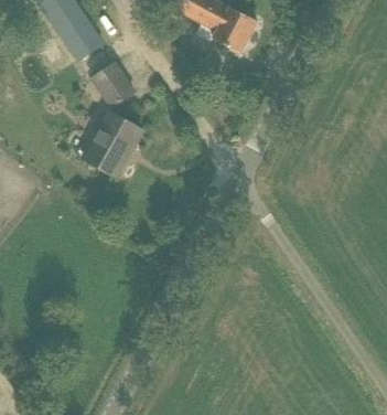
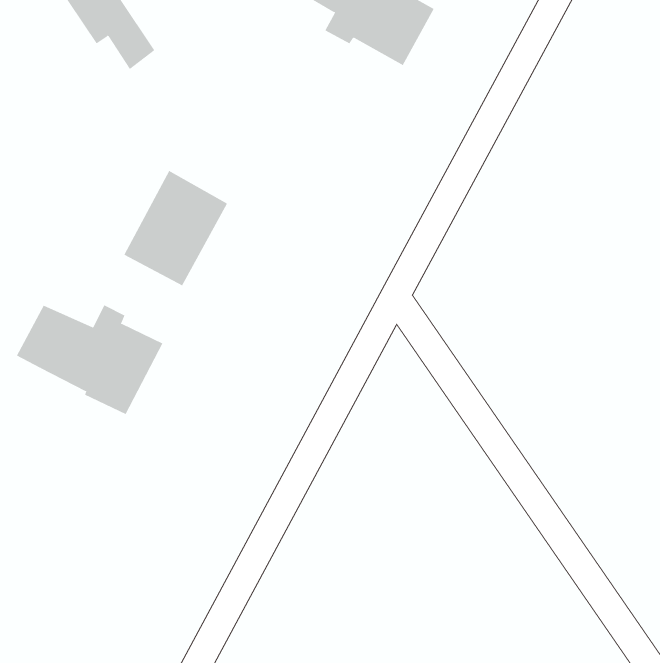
building: [93,63,135,107] -> none
building: none -> [16,304,163,415]

